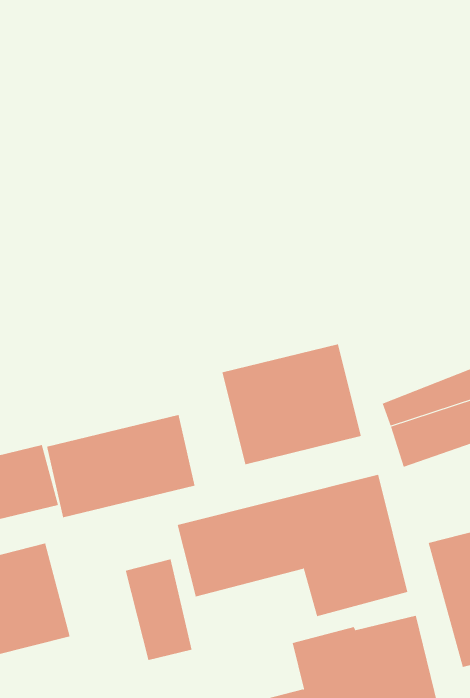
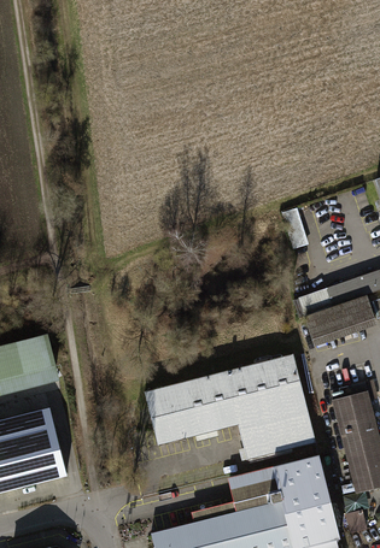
building: [222,343,361,465] -> none
building: [46,414,195,518] -> none
building: [125,558,192,661] -> none

